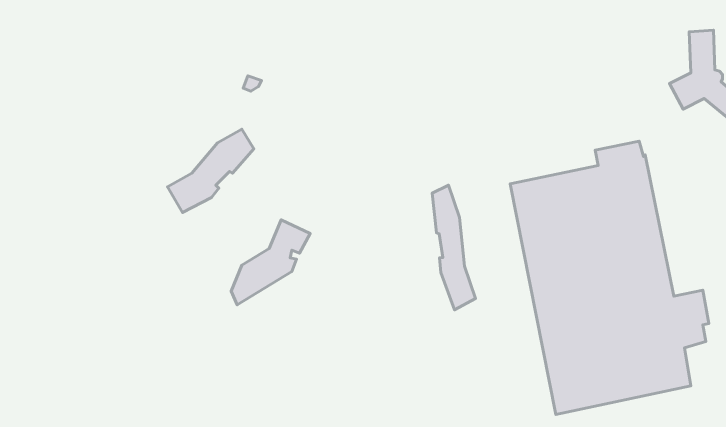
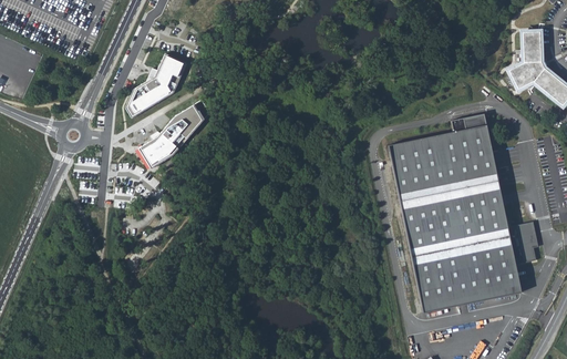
building: [432,185,476,310] -> none
building: [231,220,310,305] -> [127,54,185,116]

